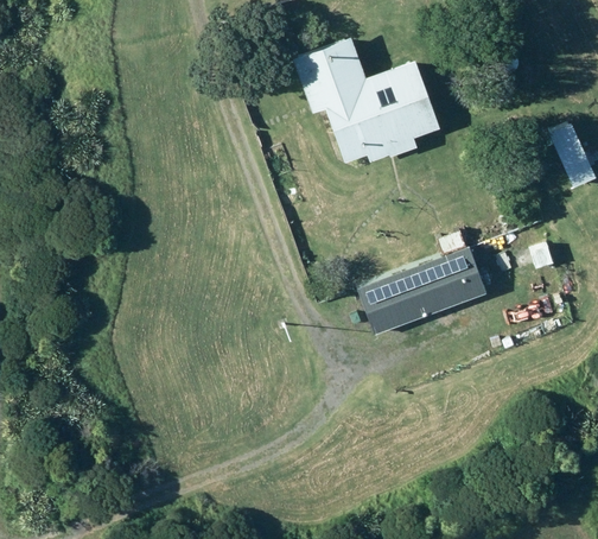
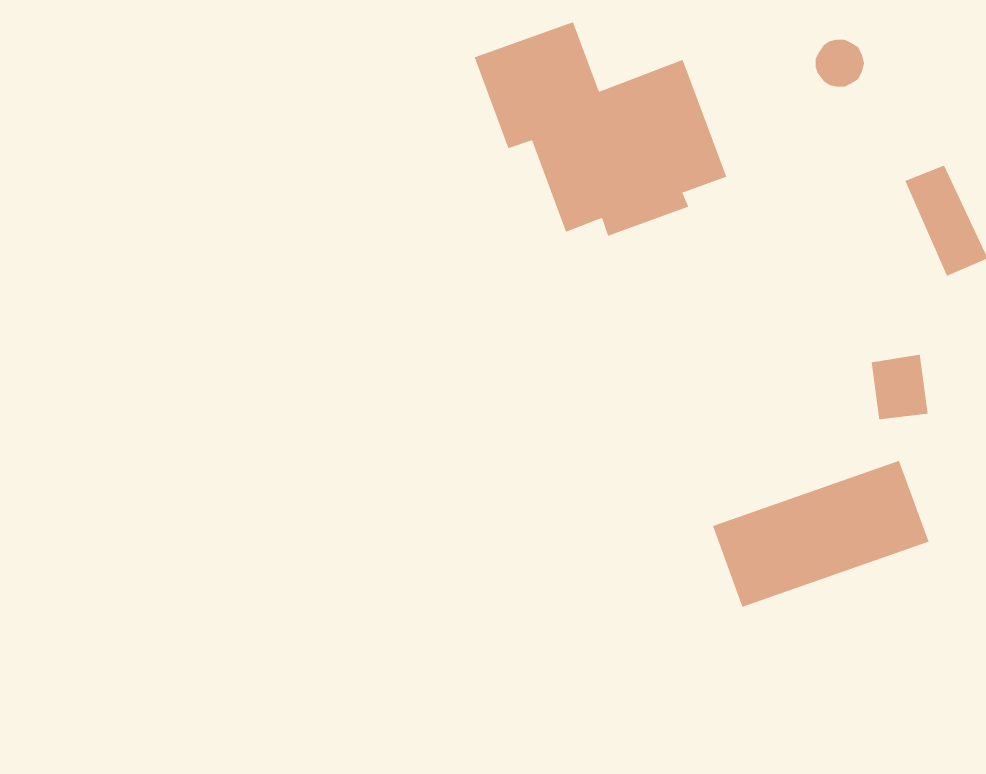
building: [358,246,488,334] -> [712,460,929,608]

